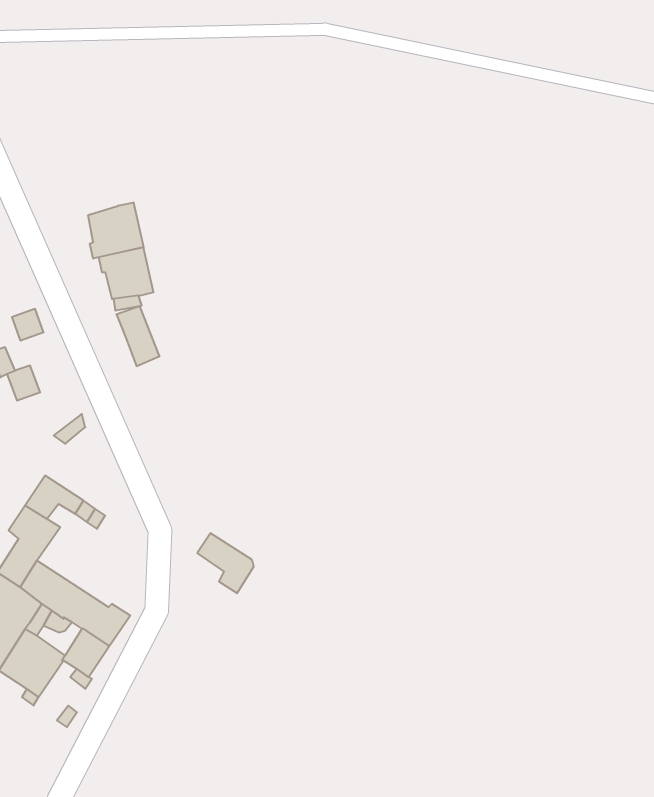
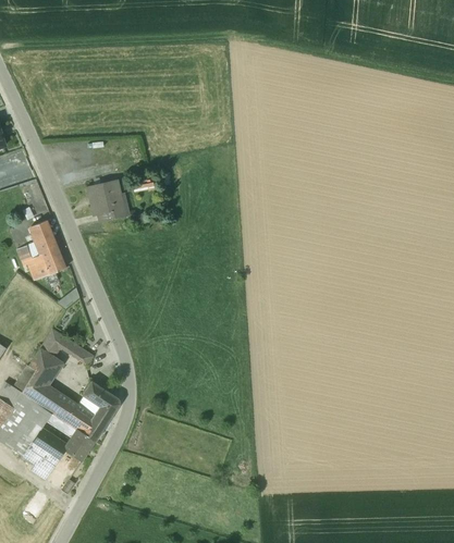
building: [88,202,144,259] -> none
building: [116,306,160,366] -> [36,235,64,274]
building: [197,533,254,593] -> [82,381,119,420]

